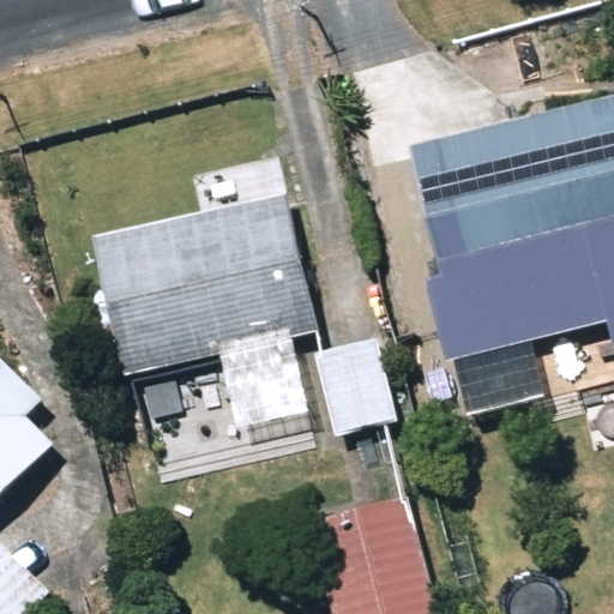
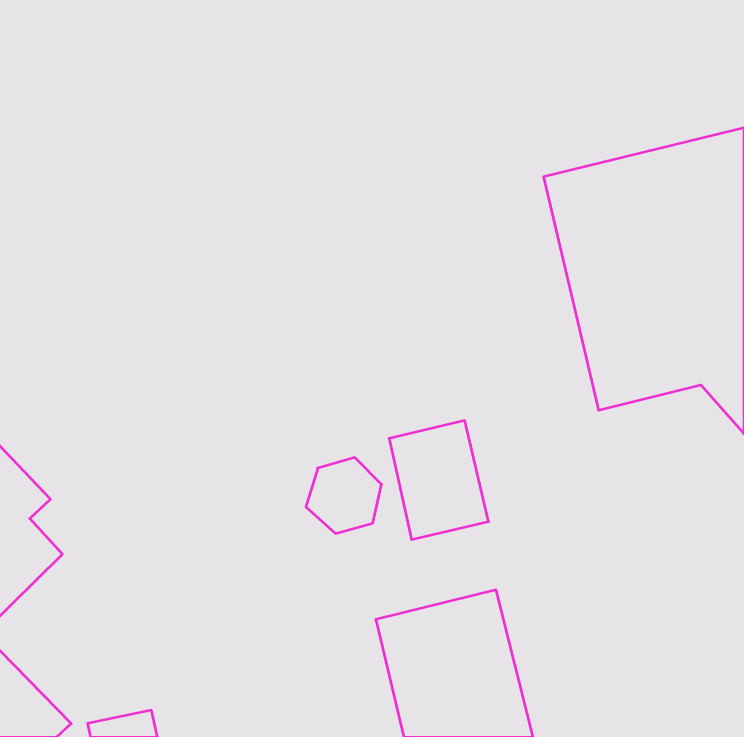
building: [92,192,317,377] -> none

